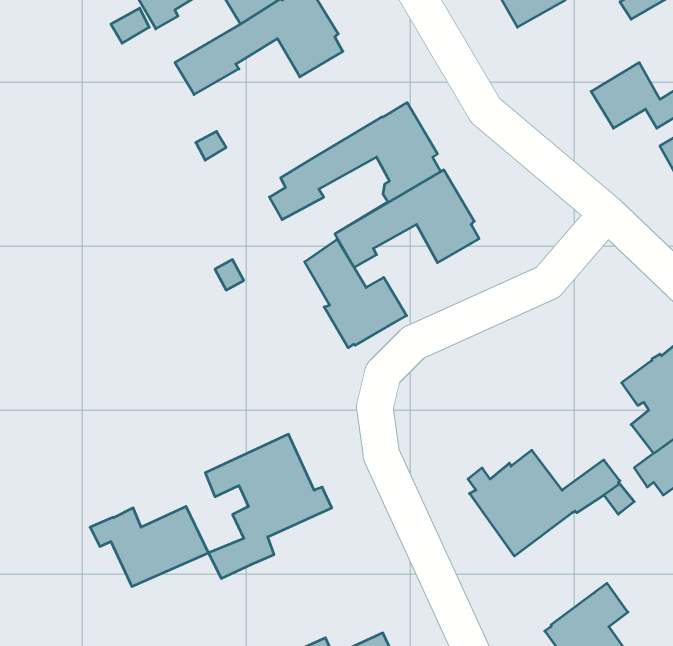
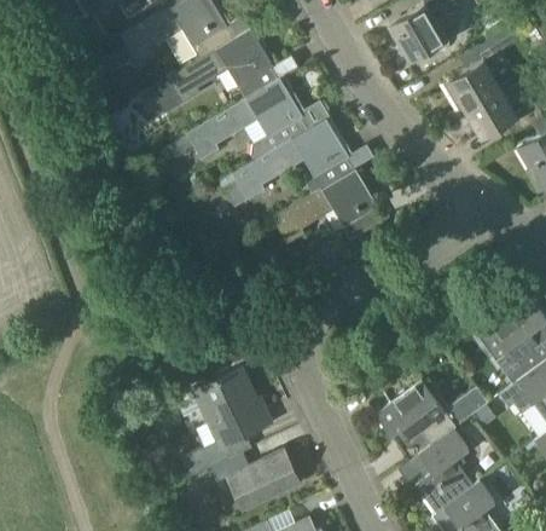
building: none -> [445,60,503,109]
building: none -> [187,76,308,161]
building: [305,240,407,348] -> none
building: [90,506,209,586] -> [210,450,300,510]
building: none -> [408,427,469,512]

